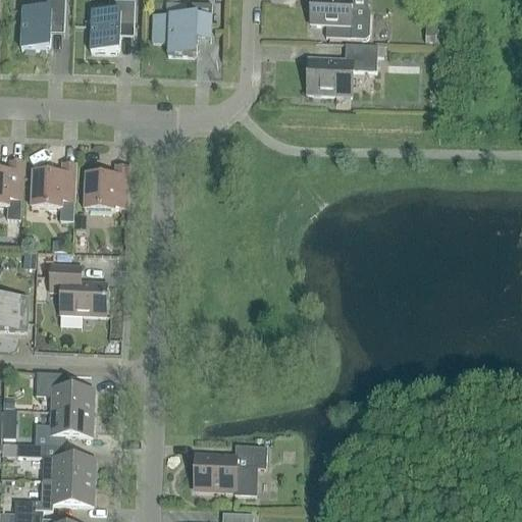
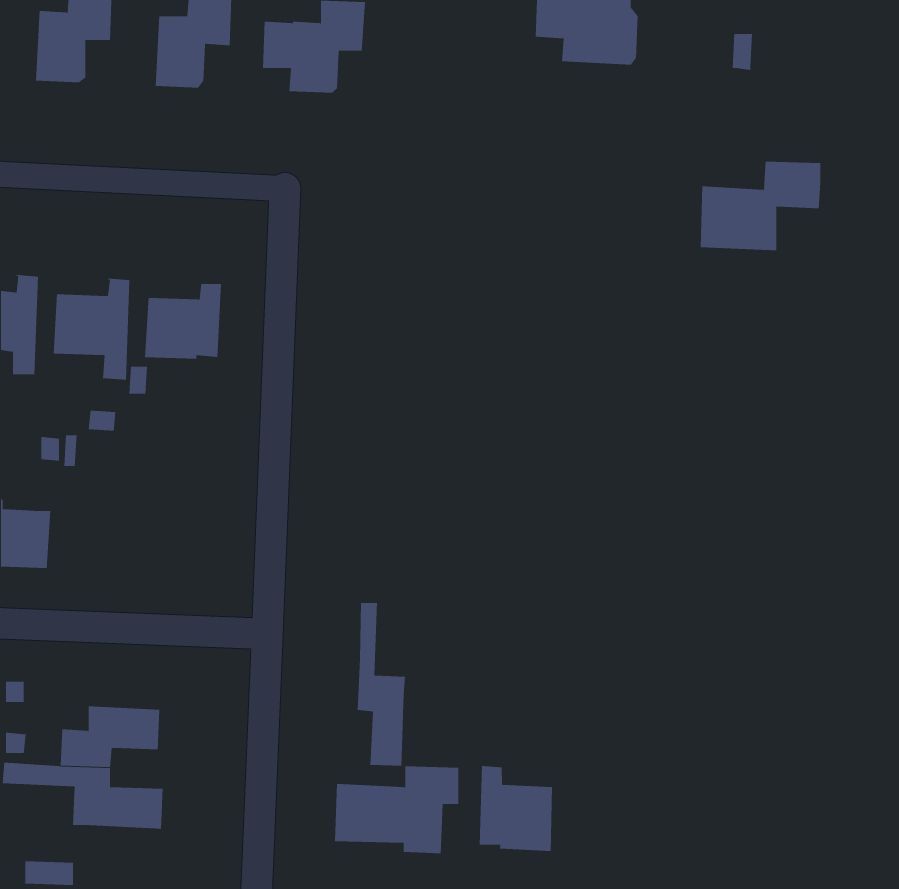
building: [307,42,377,94] -> [700,161,821,251]
building: [50,263,107,314] -> none
building: none -> [357,602,406,767]
building: [36,371,94,411] -> none
building: none -> [479,765,553,852]
building: [51,478,94,504] -> none

